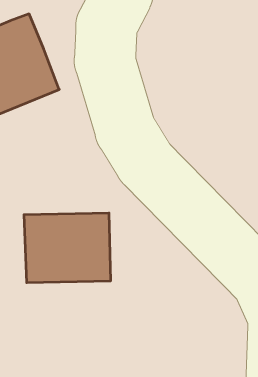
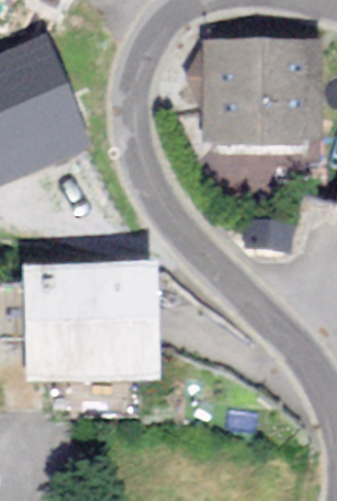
building: none -> [224,51,314,146]

